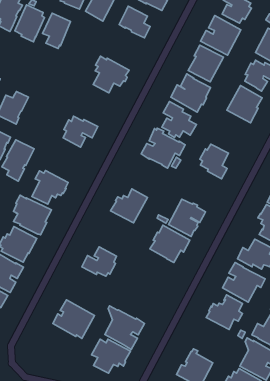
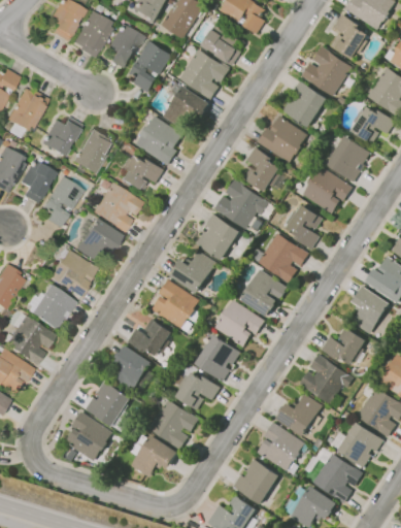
building: none -> [129,40,172,92]
building: none -> [179,50,231,99]
building: none -> [136,112,182,165]
building: none -> [72,128,111,173]
building: none -> [302,166,353,216]
building: none -> [92,182,142,231]
building: none -> [196,213,240,260]
building: none -> [246,233,309,284]
building: none -> [152,279,200,332]
building: none -> [196,334,241,382]
building: none -> [109,344,156,393]
building: none -> [172,371,221,410]
building: none -> [256,422,308,474]
building: none -> [65,411,112,461]

